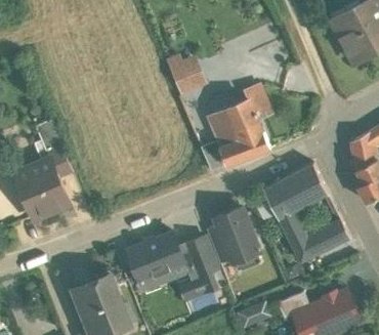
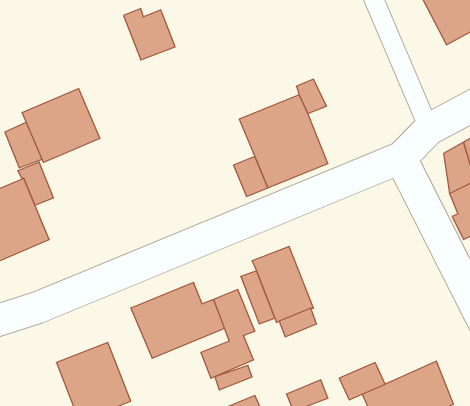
building: [169,57,206,94] -> [124,8,175,60]
building: none -> [22,88,100,162]
building: [263,164,350,263] -> none

